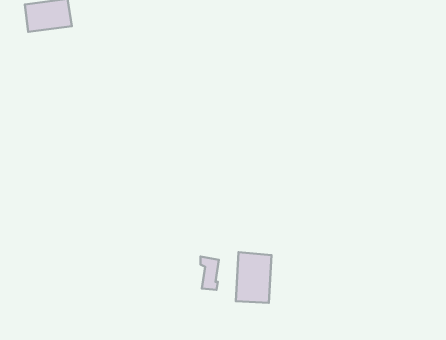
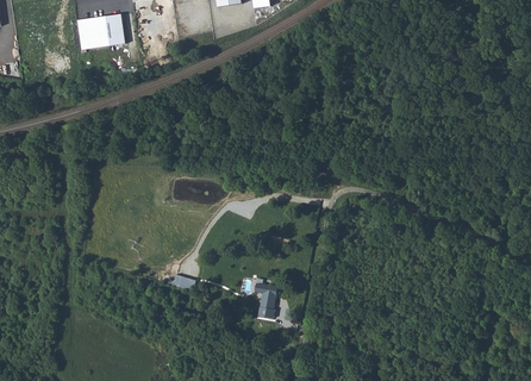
building: [236,252,271,303] -> none

